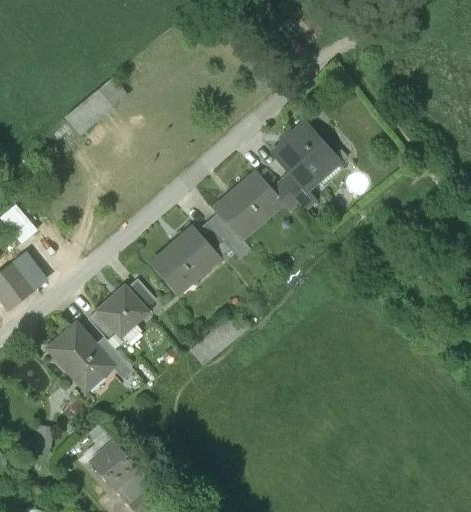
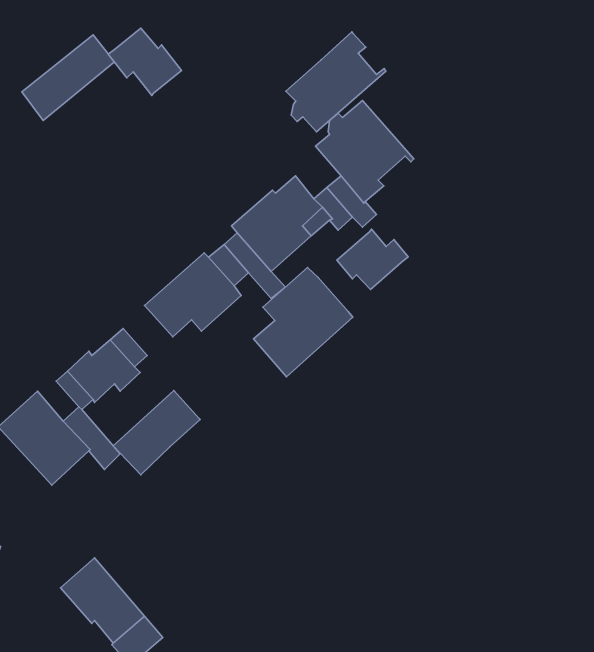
building: none -> [108,28,181,96]
building: none -> [286,32,386,132]
building: none -> [337,229,408,289]
building: none -> [253,268,353,377]
building: none -> [113,391,200,475]

